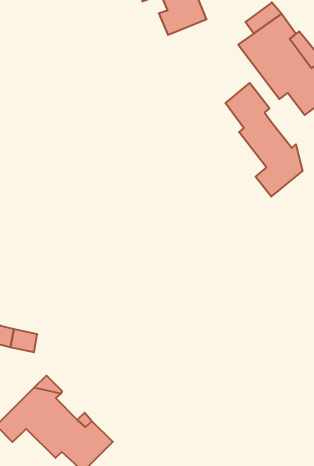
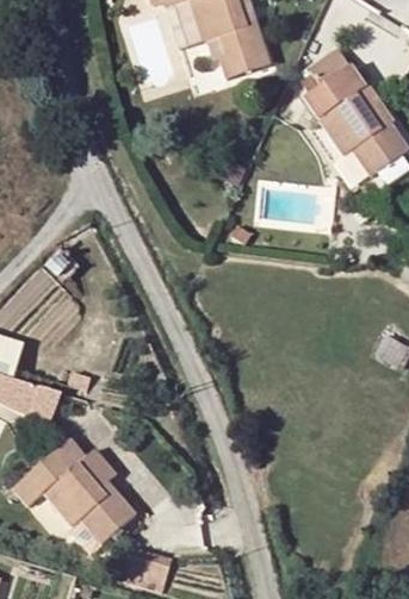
building: [225,83,303,197] -> none

